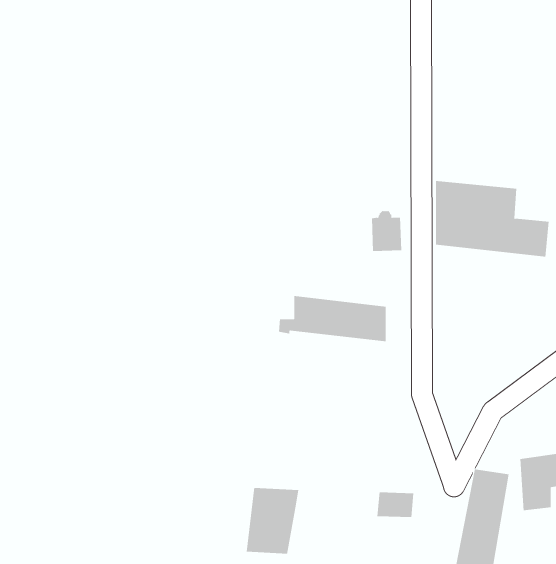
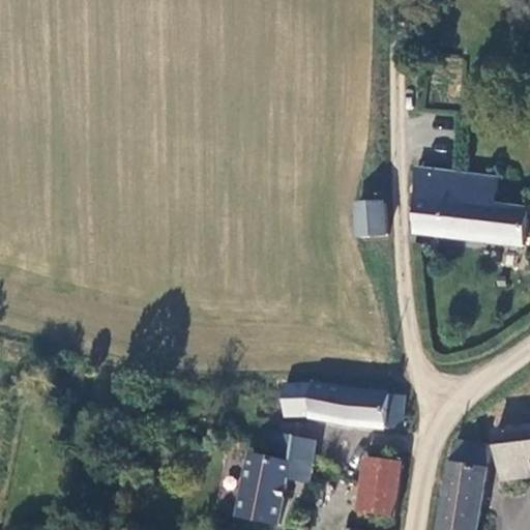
building: [278,295,387,342] -> [296,384,398,428]
building: none -> [287,435,315,476]
building: none -> [359,484,394,516]

